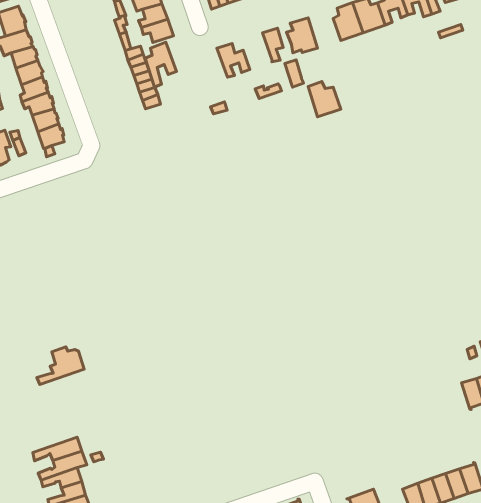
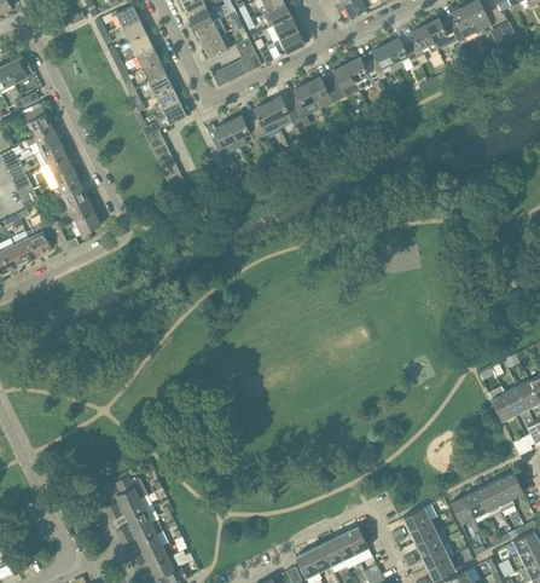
building: none -> [251,102,279,137]
building: [145,42,177,87] -> [210,121,240,163]
building: [308,82,341,117] -> [307,76,339,109]
building: [37,347,84,385] -> [104,475,146,513]

